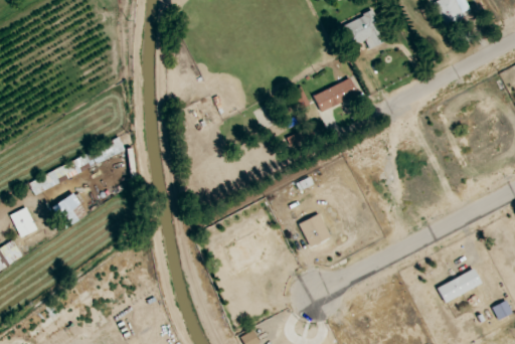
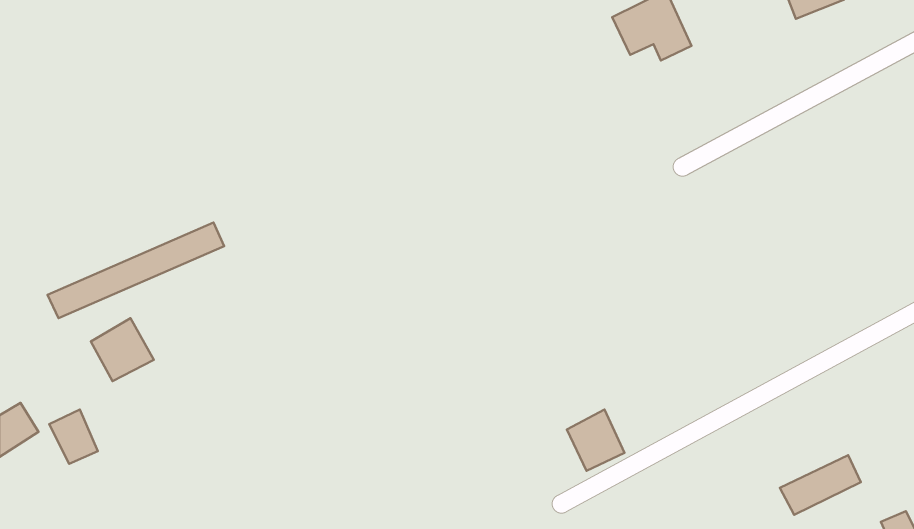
building: [314,77,358,112] -> none
building: [10,206,37,236] -> [49,410,98,464]
building: [299,212,331,246] -> [567,410,624,471]

